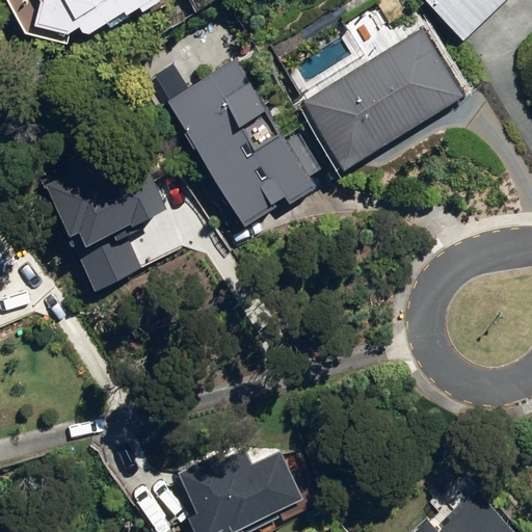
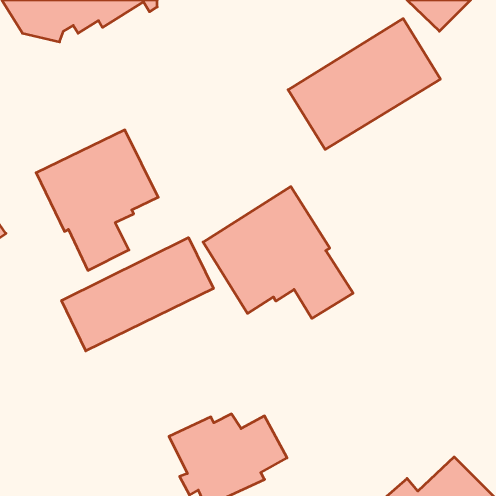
building: [164,61,314,229] -> none
building: none -> [203,187,353,318]
building: none -> [62,238,213,351]

